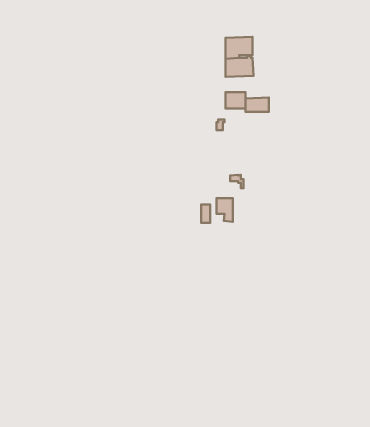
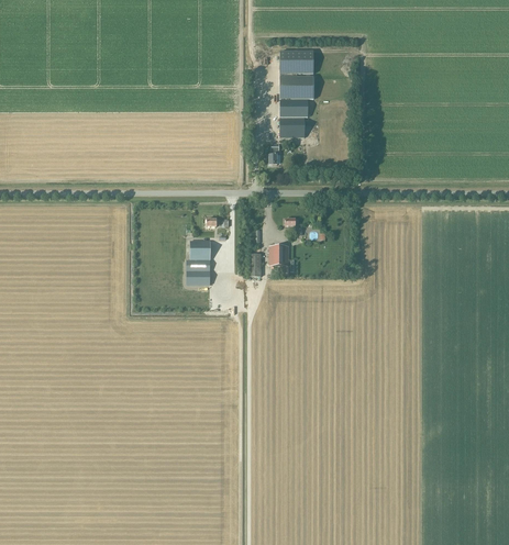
building: [245,97,269,112] -> [280,99,309,116]
building: none -> [187,241,211,283]

